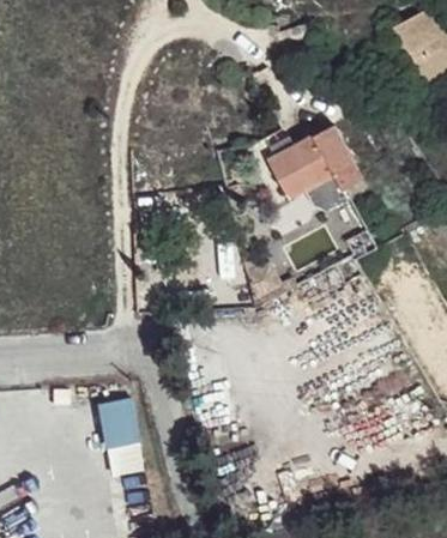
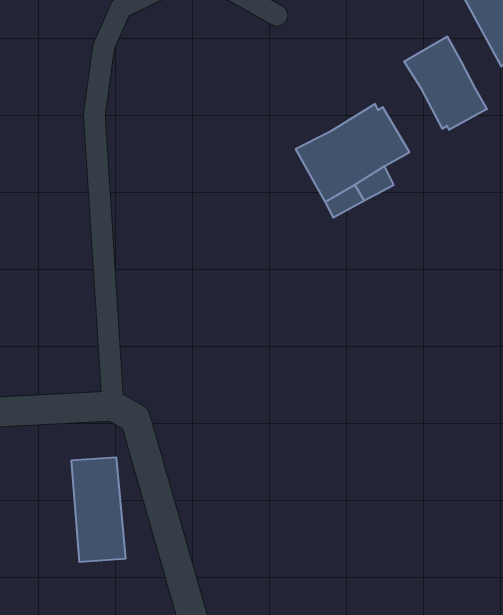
building: none -> [404,36,487,130]

